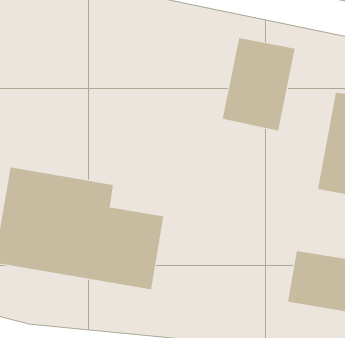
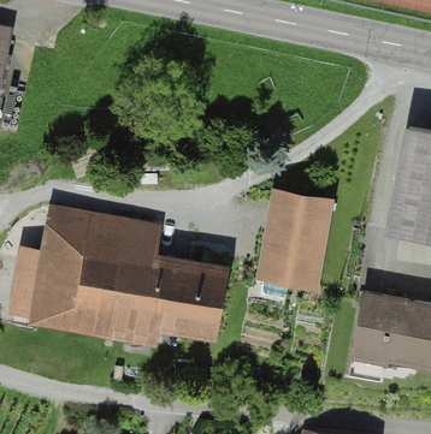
building: [222,37,296,131] -> [255,190,335,291]

